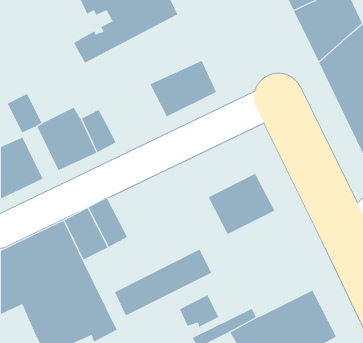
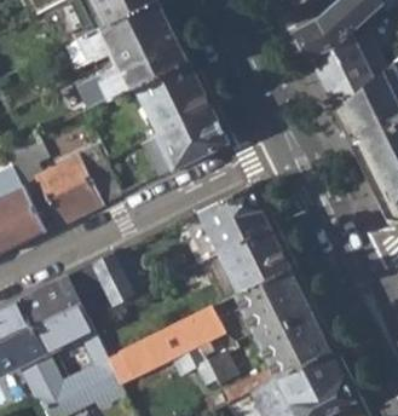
building: none -> [135,57,214,131]
building: none -> [200,183,271,250]
building: none -> [235,265,331,376]

